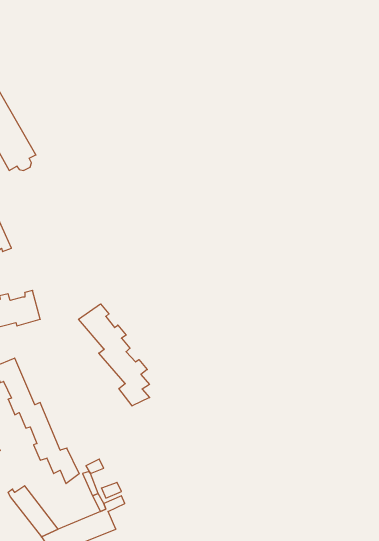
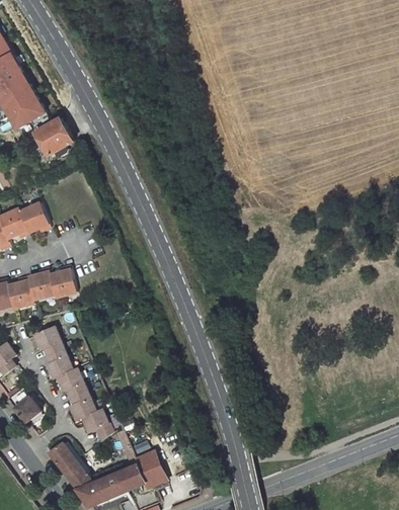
building: [79,304,150,406] -> none
building: none -> [138,459,163,488]

